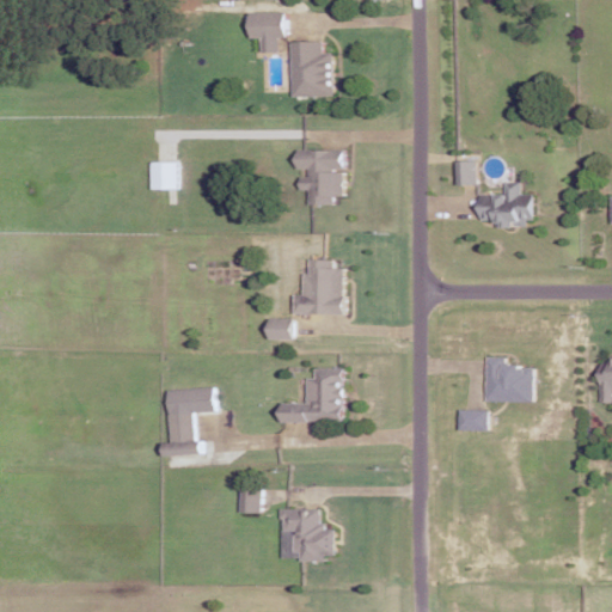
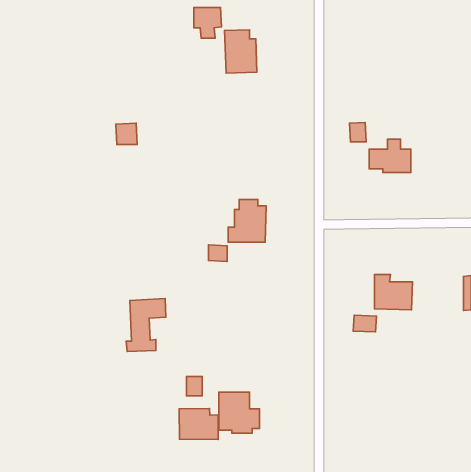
building: [296,149,342,204] -> none
building: [281,368,342,422] -> none
building: none -> [179,409,218,440]

